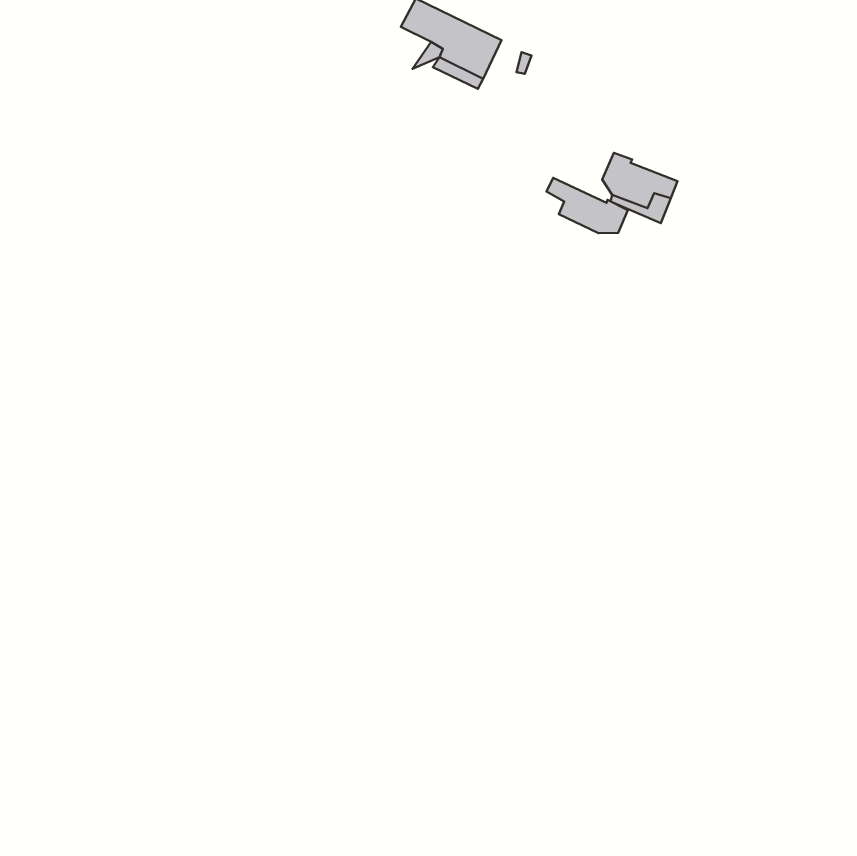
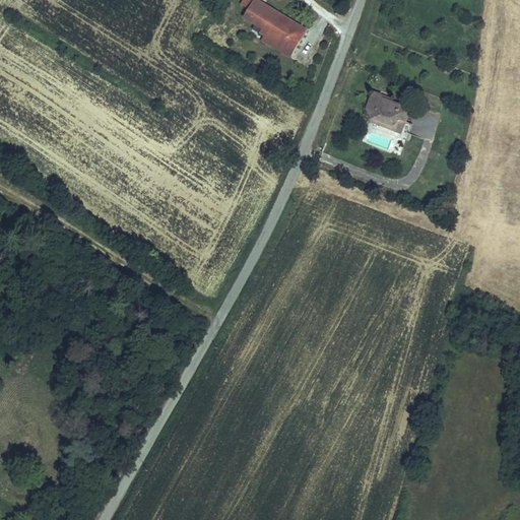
building: [546,178,628,233] -> none

